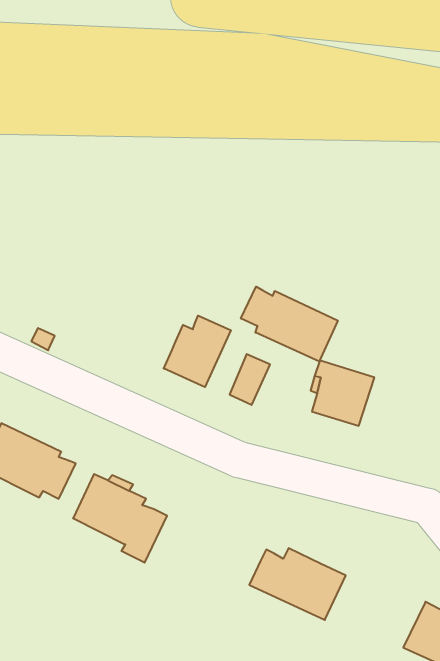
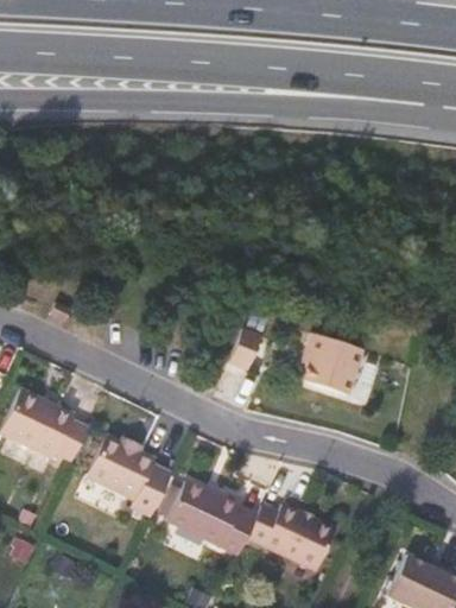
building: [241,287,338,361] -> none
building: [164,316,231,387] -> none
building: none -> [166,481,258,553]

